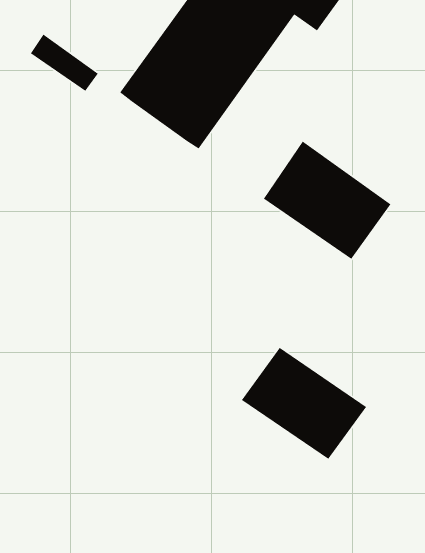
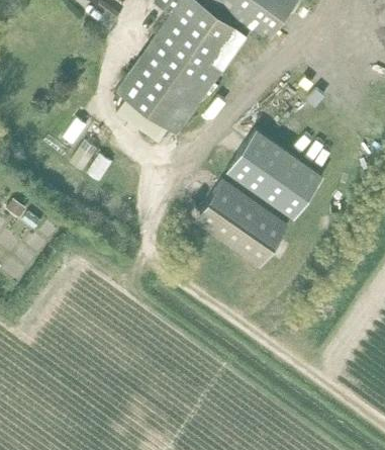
building: [30,34,99,92] -> [116,95,169,140]
building: [241,347,367,460] -> [194,178,290,264]

